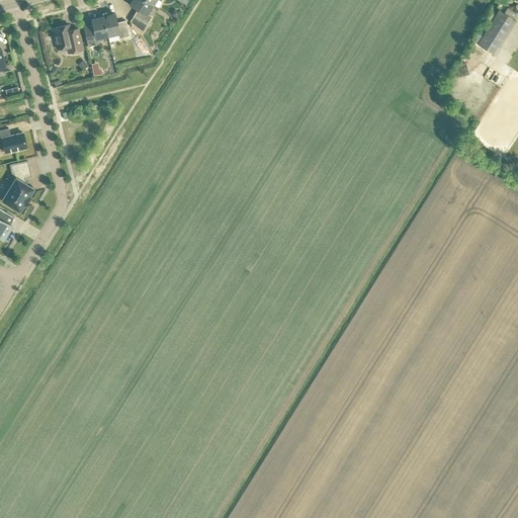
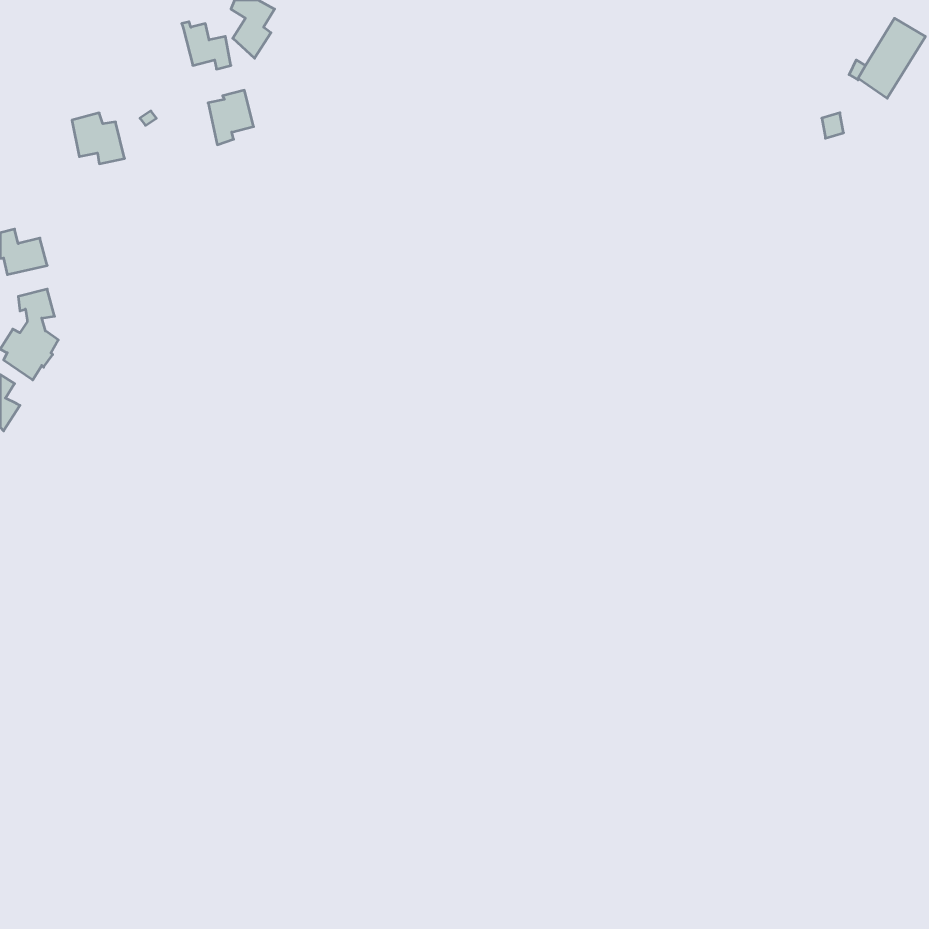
building: [82,16,107,47] -> [208,90,254,145]
building: [53,24,82,53] -> [72,113,125,164]

